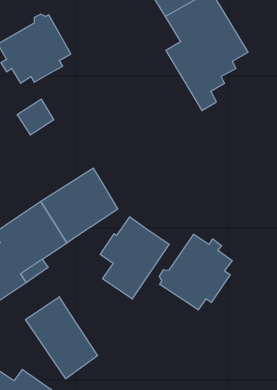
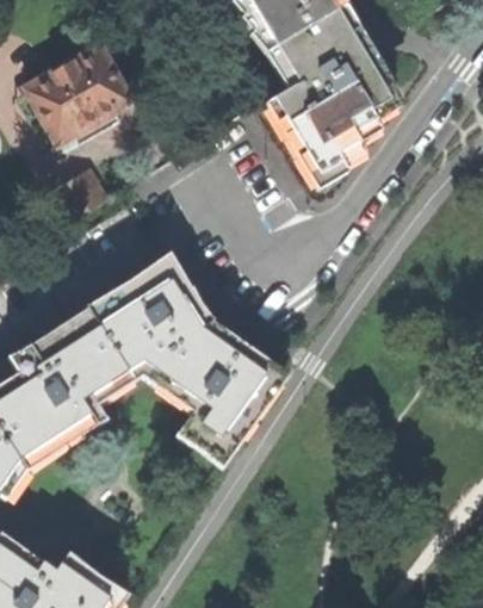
building: none -> [138,322,218,389]
building: [160,234,232,310] -> none
building: [26,297,98,379] -> none

